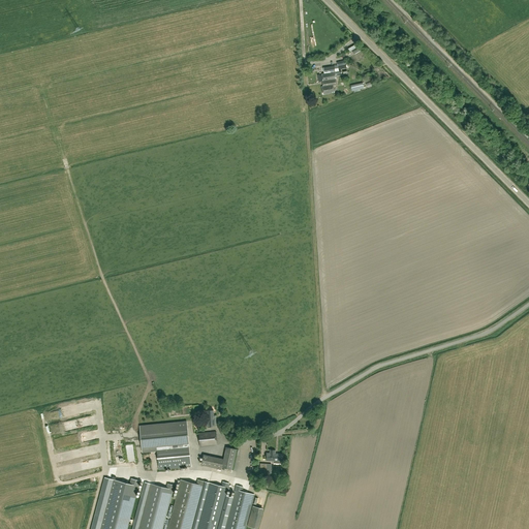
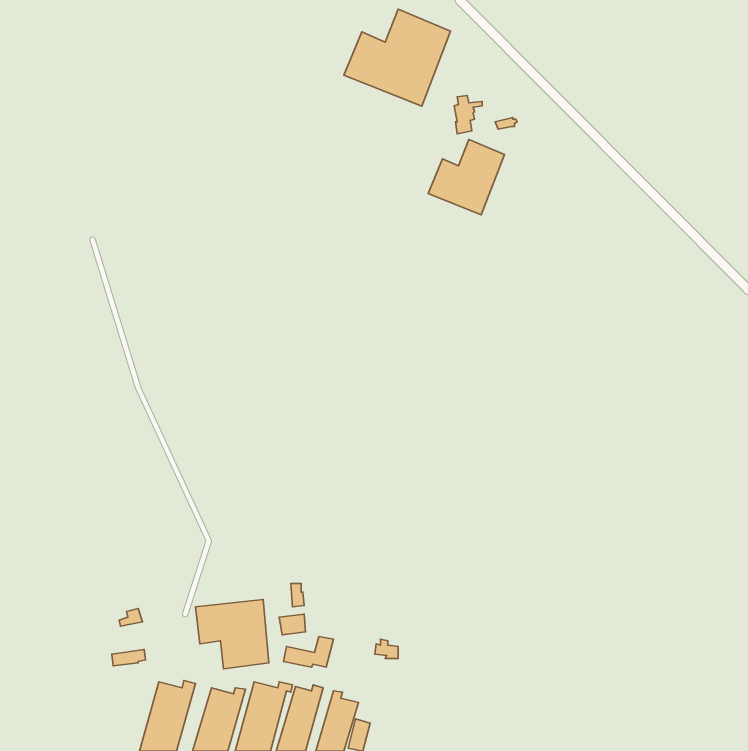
building: none -> [344,9,450,106]
building: none -> [428,139,505,215]

